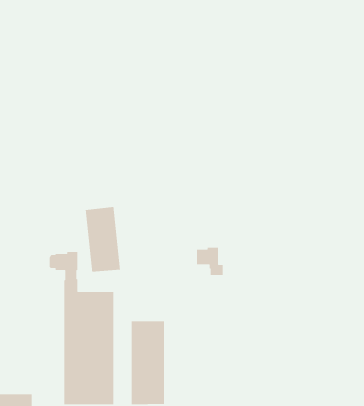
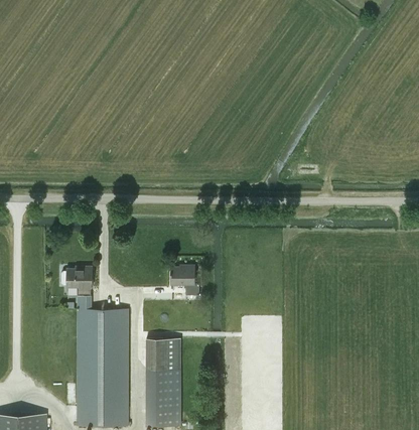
building: [85,206,121,272] -> none
building: [196,247,224,276] -> [171,266,199,296]

